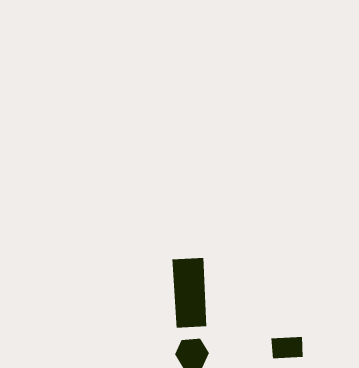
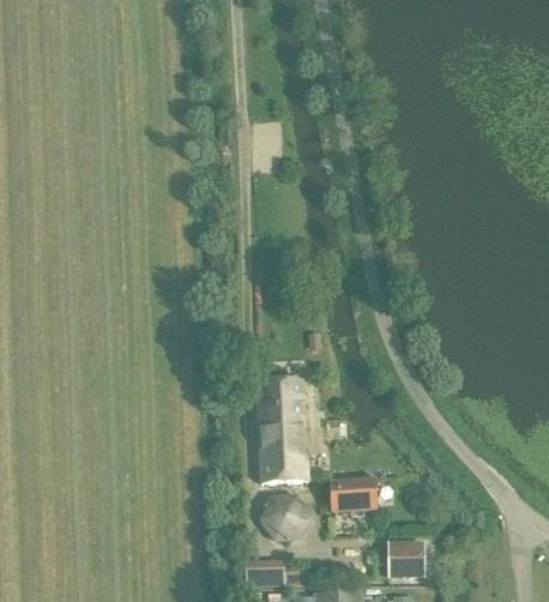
building: [270,336,304,359] -> [328,477,376,510]

